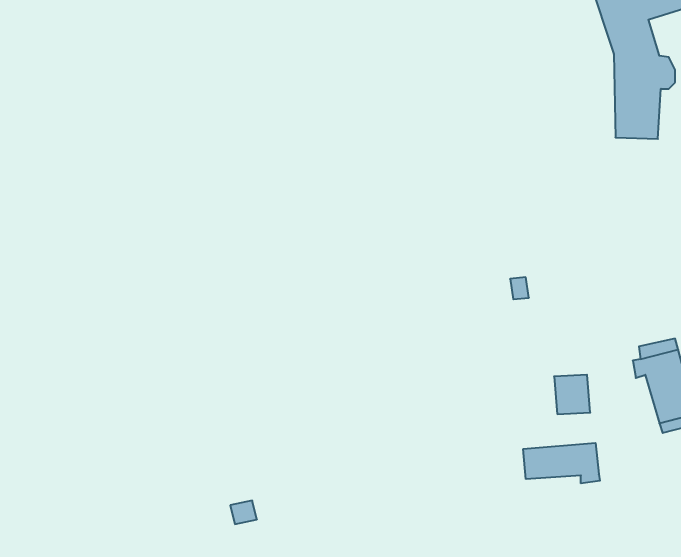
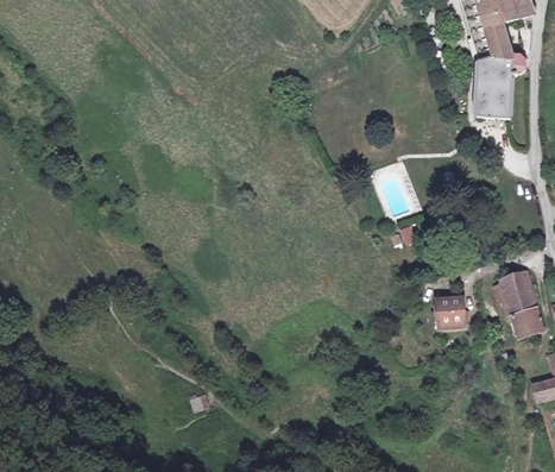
building: [523,443,600,483] -> none

